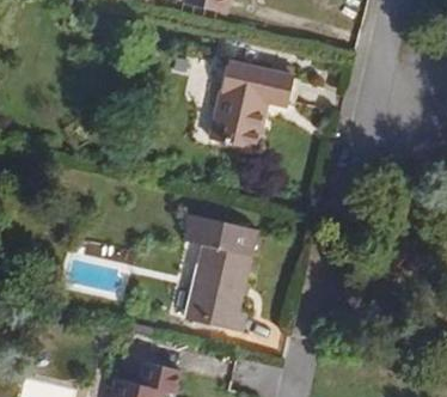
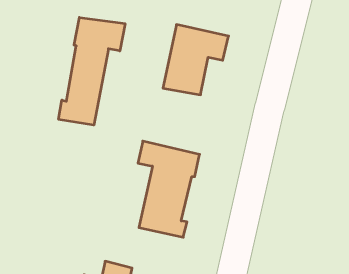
building: none -> [59,17,125,125]

